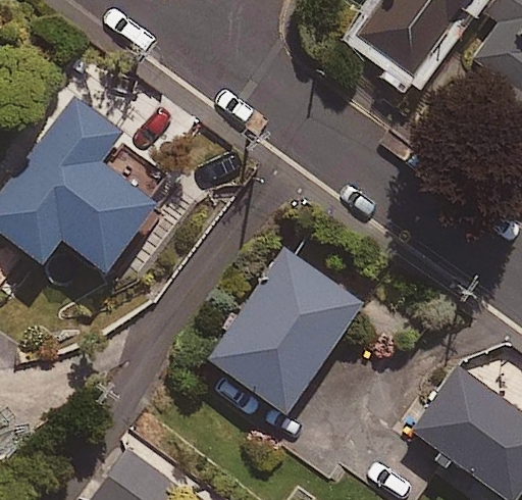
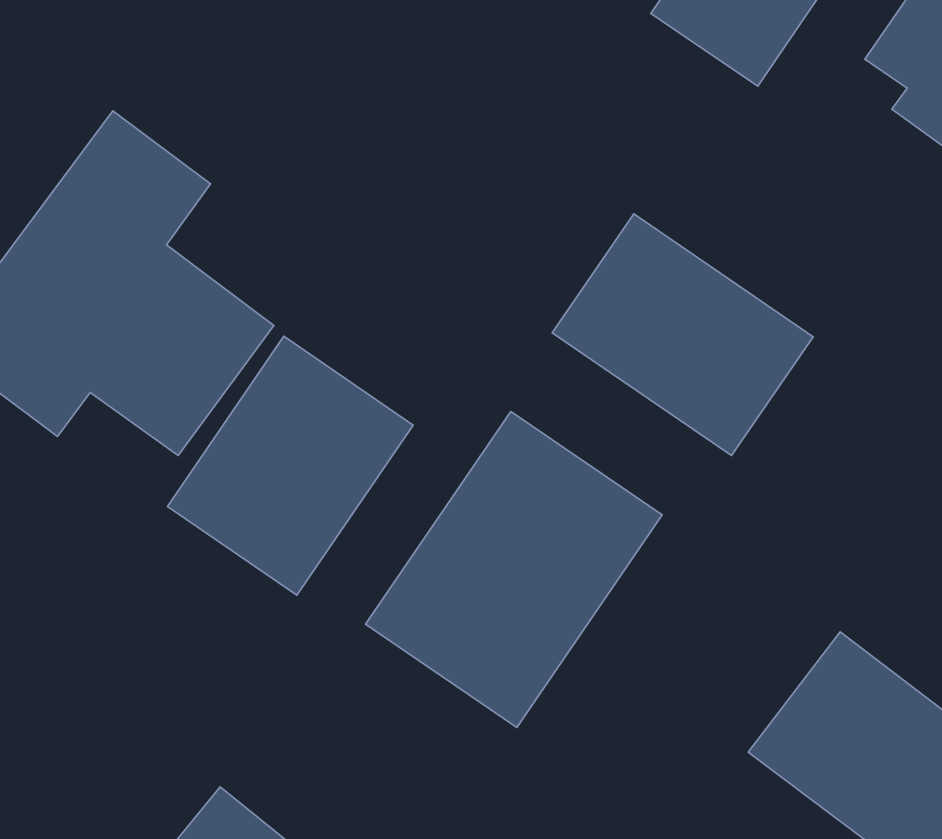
building: none -> [552,214,813,456]
building: none -> [167,336,413,595]

